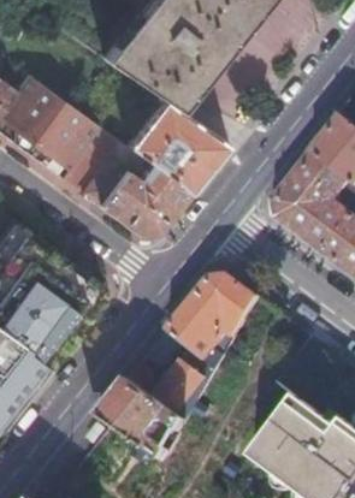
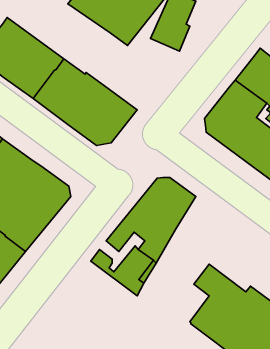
building: [123,93,224,189] -> none
building: [99,378,187,460] -> none

